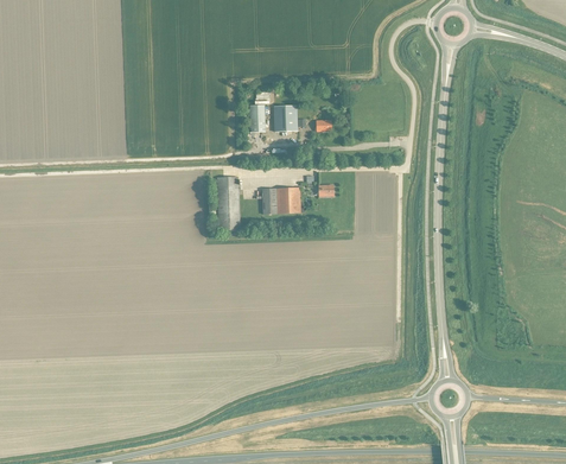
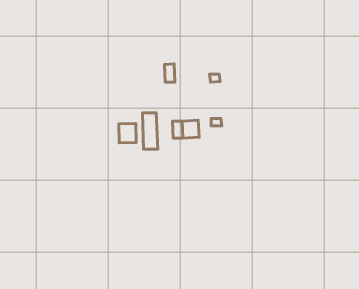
building: [273,106,297,132] -> none
building: none -> [119,123,136,143]

